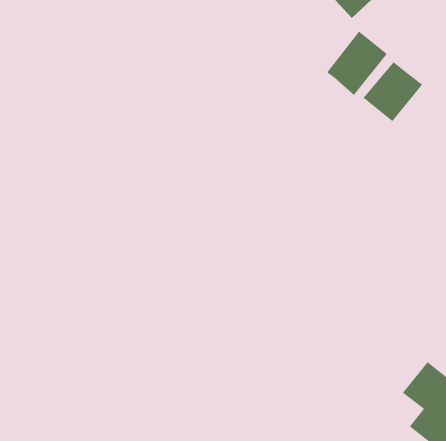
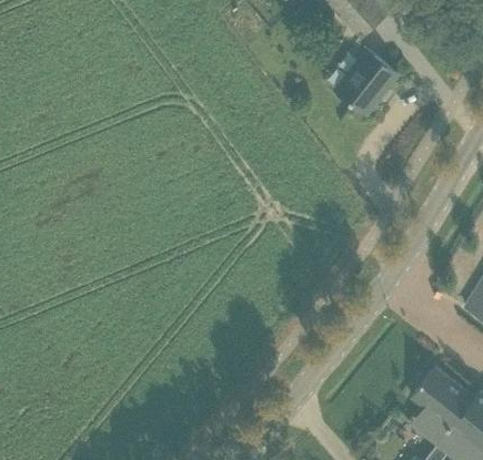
building: [363,61,423,122] -> none

